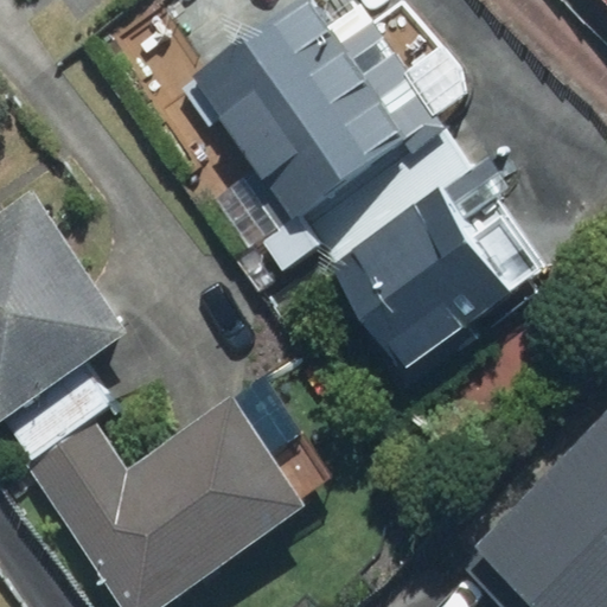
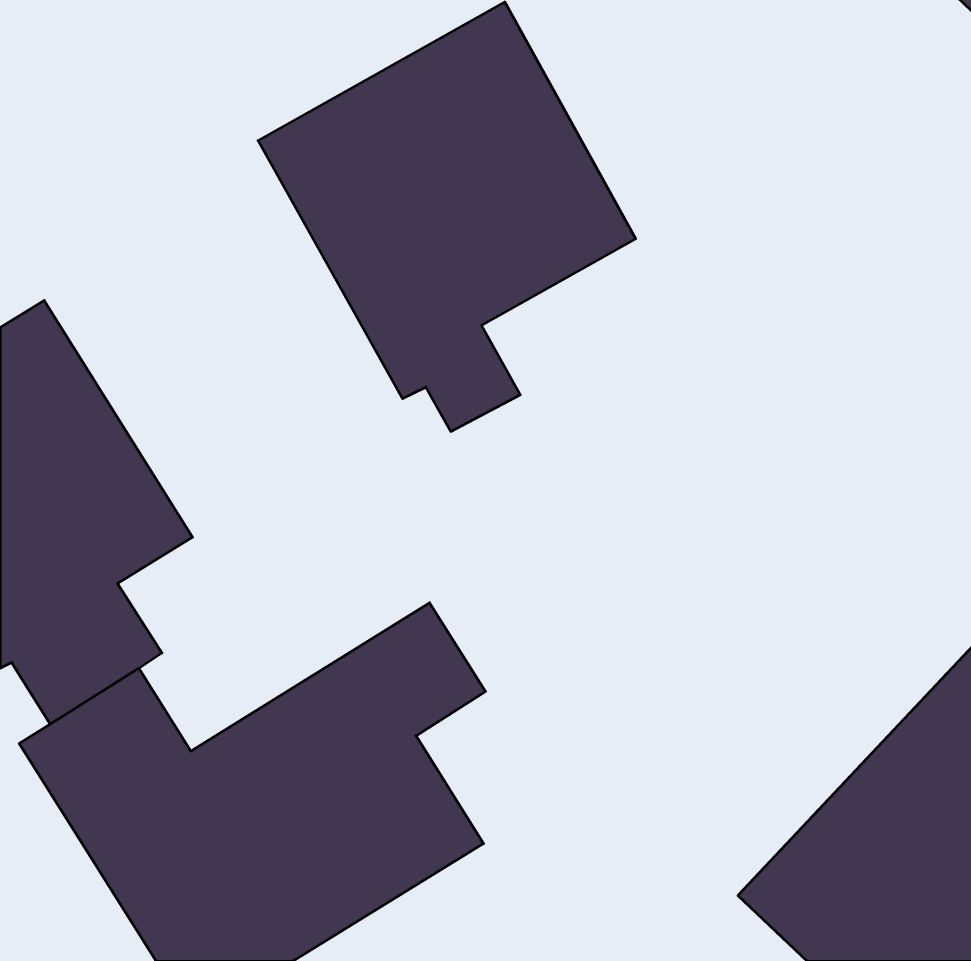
building: [328,189,520,375] -> none

